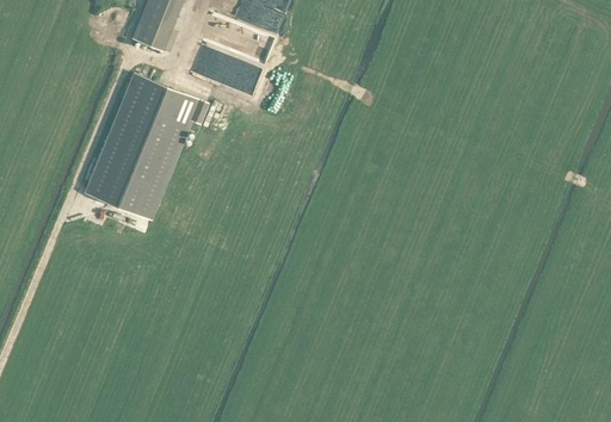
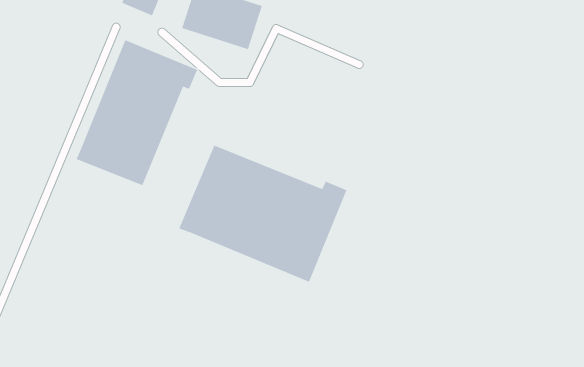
building: none -> [178,144,347,283]

